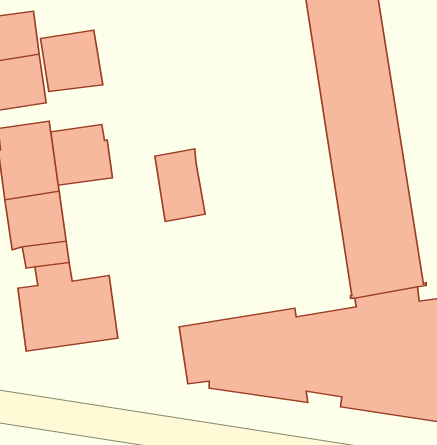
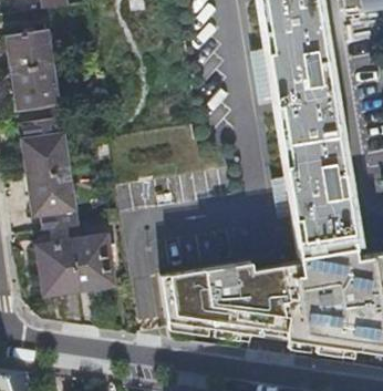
building: [40,30,103,92] -> none
building: [51,124,113,185] -> none
building: [155,149,205,221] -> none

